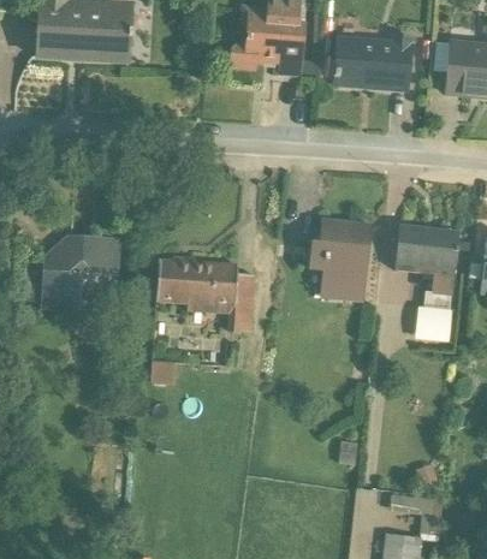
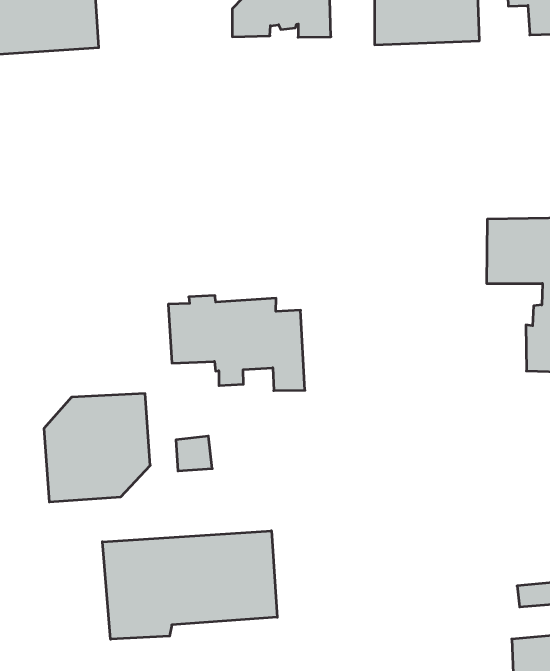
building: [308,215,373,301] -> none
building: [41,233,120,310] -> [44,394,150,502]
building: none -> [102,531,277,639]

